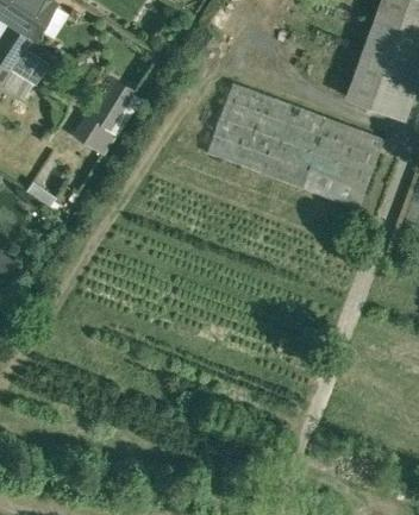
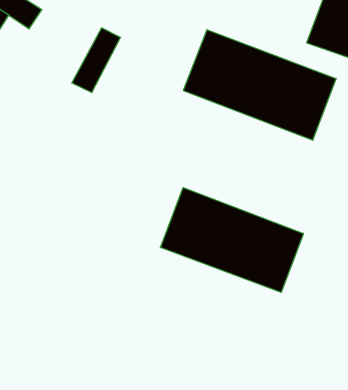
building: none -> [160,188,303,292]

